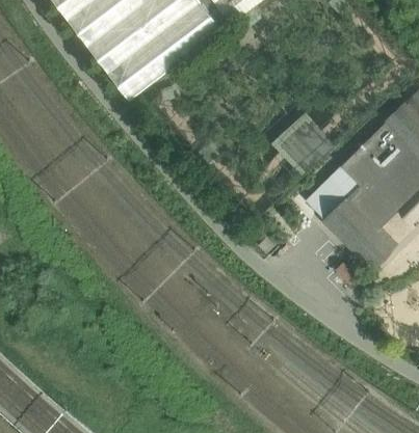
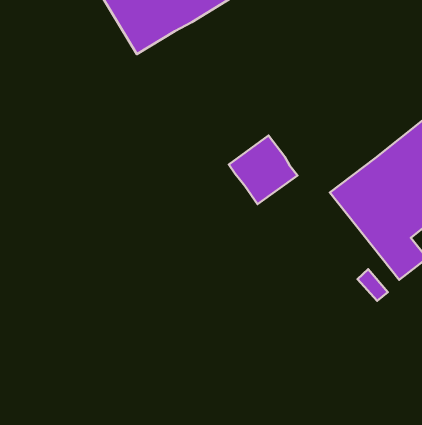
building: [273,114,333,173] -> [229,135,297,204]

